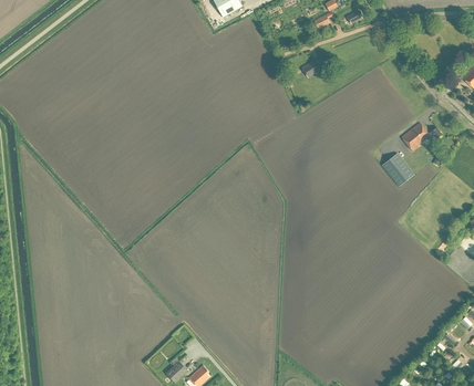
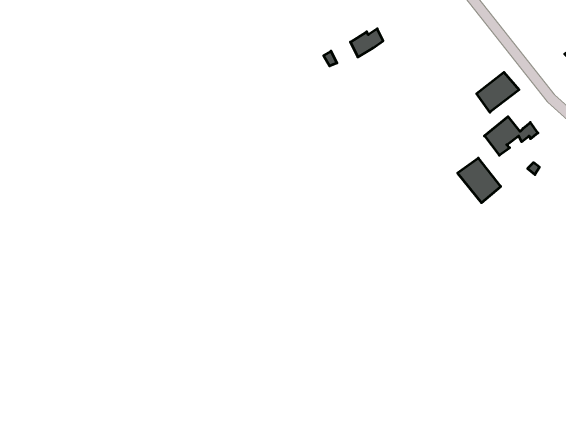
building: none -> [477,72,519,112]

